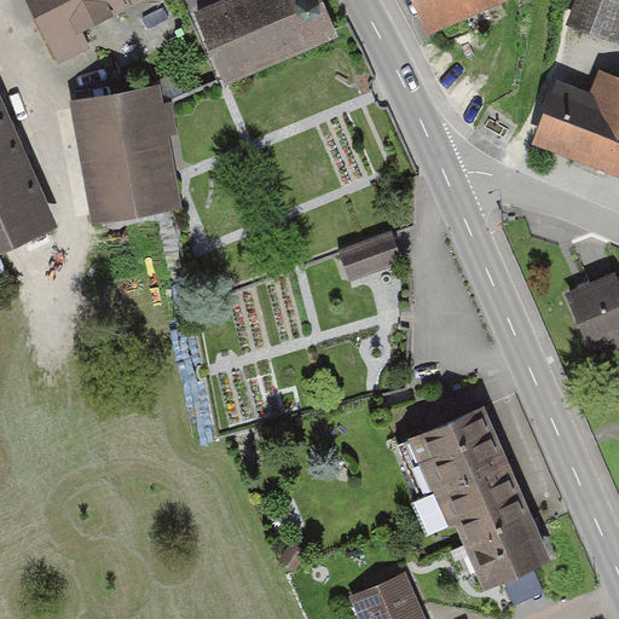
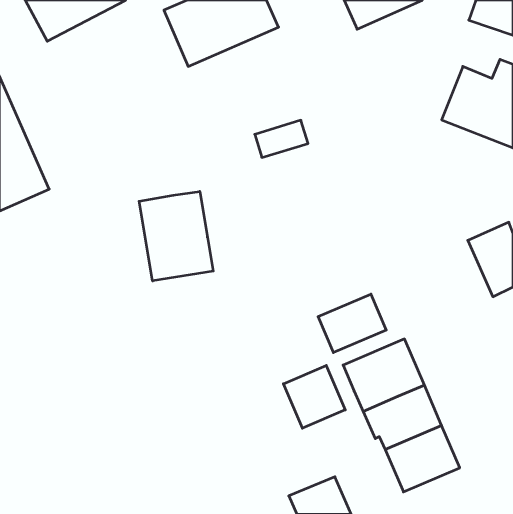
building: [69,87,183,225] -> none
building: none -> [139,191,213,281]
building: [337,238,401,283] -> [255,120,308,157]
building: none -> [318,294,386,353]
building: none -> [283,365,345,428]

